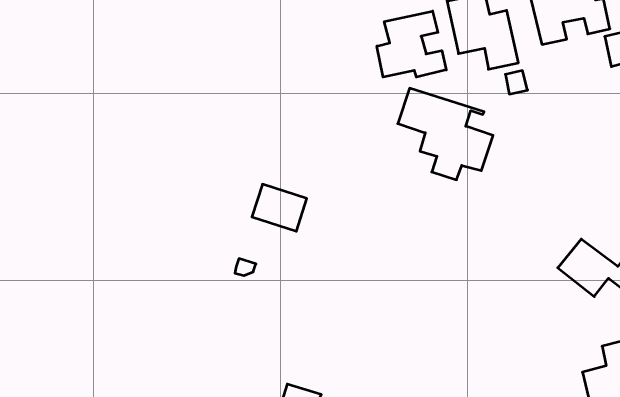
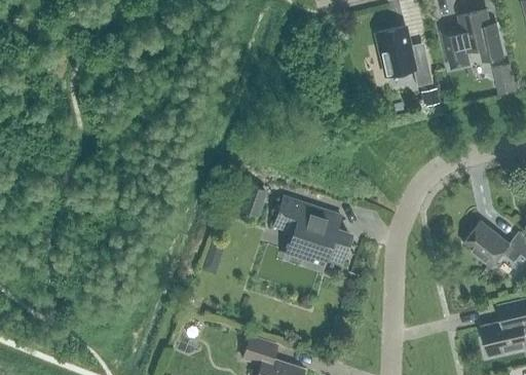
building: [377,11,446,77] -> none
building: [398,88,493,180] -> [274,197,349,269]

